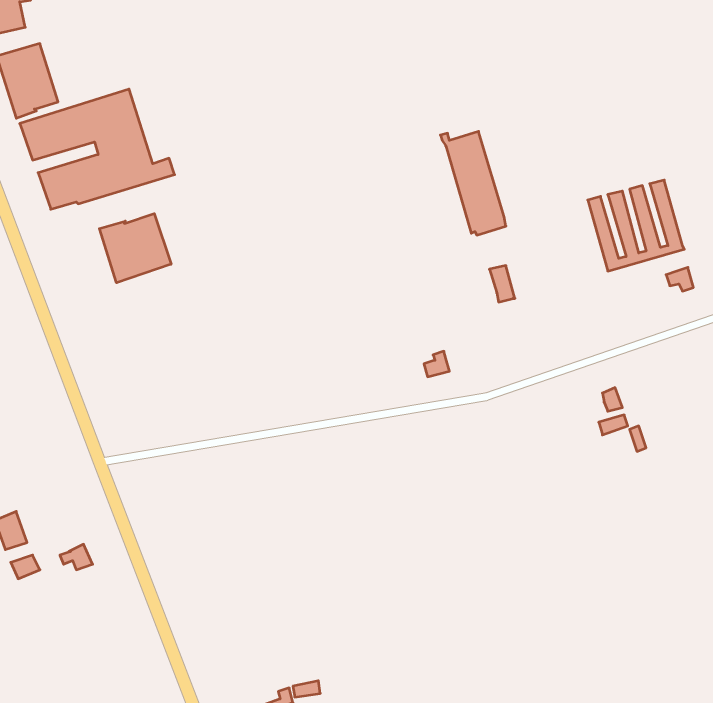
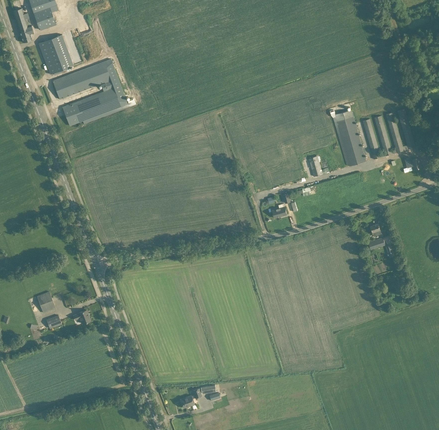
building: [440,131,506,235] -> [330,109,366,166]
building: [99,214,171,283] -> none

